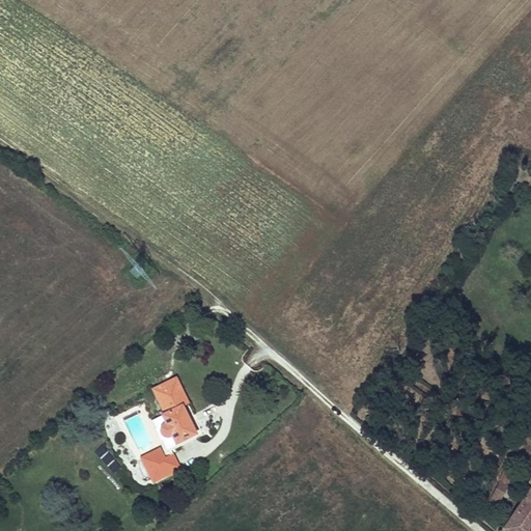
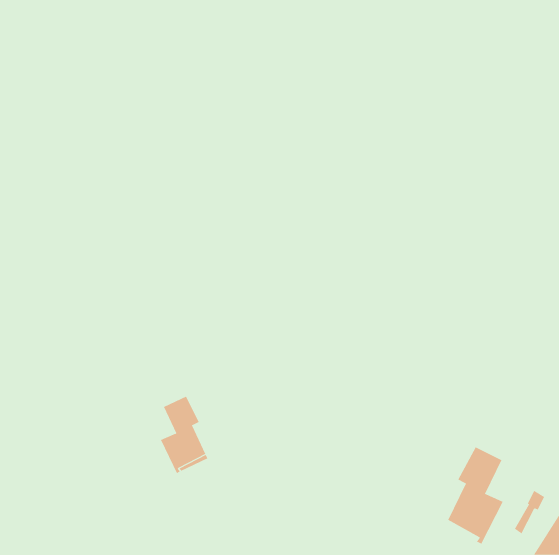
building: none -> [447,446,504,545]
building: [145,450,180,482] -> none

